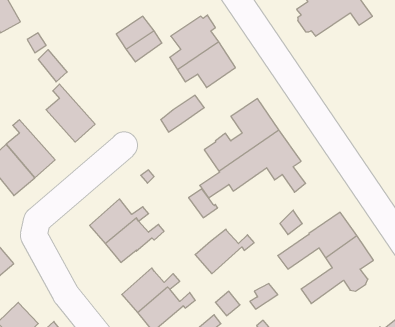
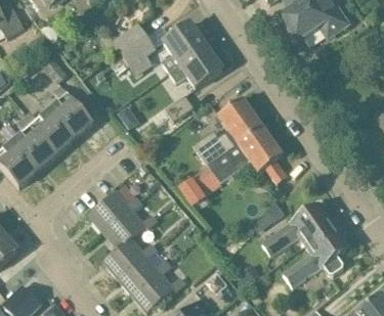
building: none -> [24,108,75,154]
building: [195,229,254,274] -> [102,237,157,278]

